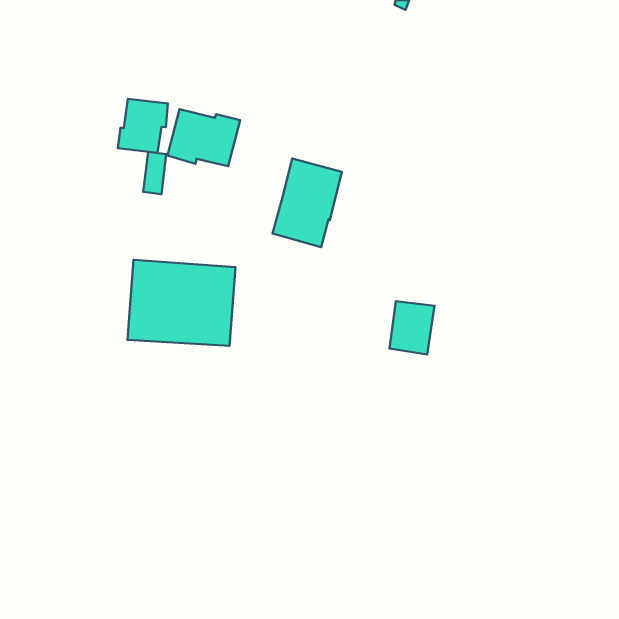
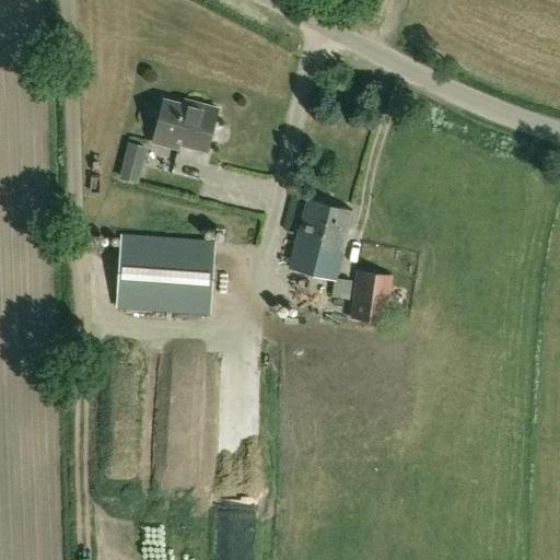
building: [118,99,168,153] -> none
building: [273,158,342,247] -> [289,199,351,279]

